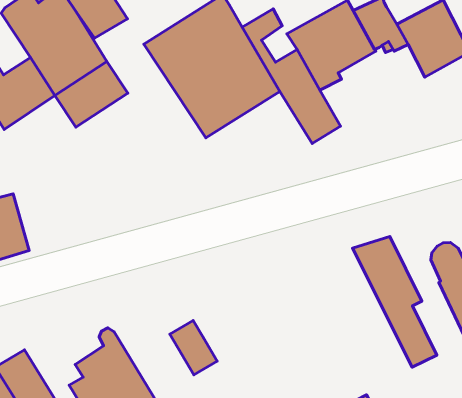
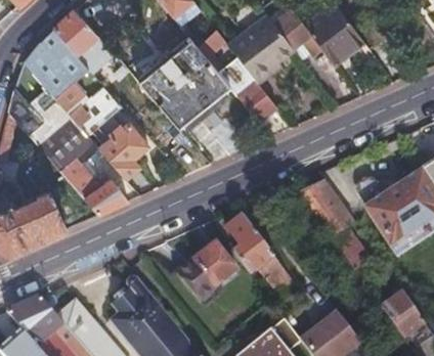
building: none -> [39,118,128,214]
building: none -> [99,121,149,178]
building: none -> [225,215,294,296]
building: none -> [192,240,236,286]

